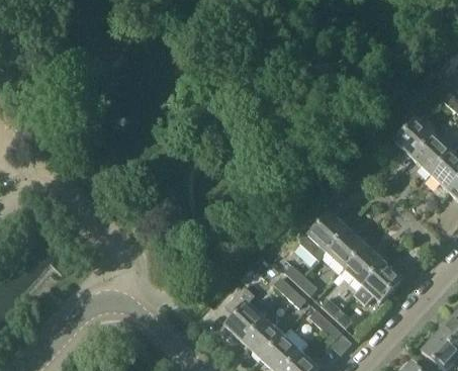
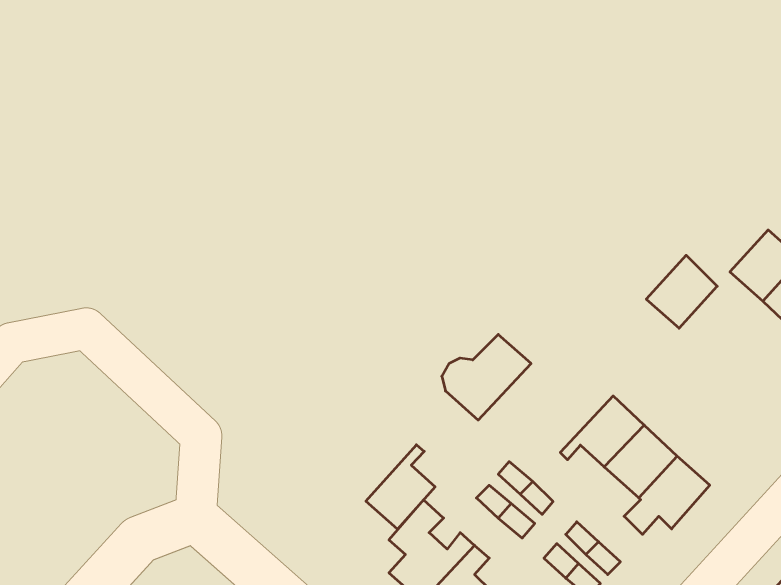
building: [395,118,435,159] -> [646,255,717,328]
building: [299,211,349,259] -> [442,334,531,420]
building: none -> [366,445,435,529]

